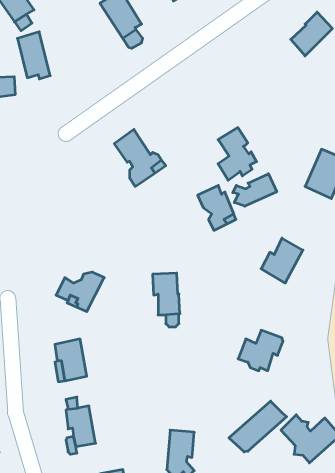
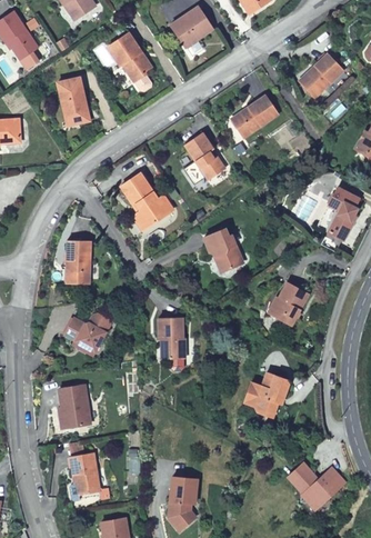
building: [17,32,50,79] -> [58,74,91,122]
building: none -> [232,94,277,134]
building: [218,128,257,180] -> [183,132,222,186]
building: [233,174,277,206] -> none
building: none -> [67,240,91,280]
building: [229,401,287,452] -> none

